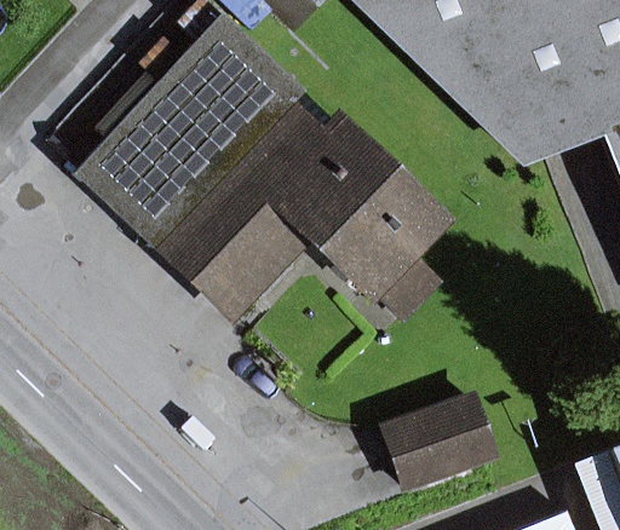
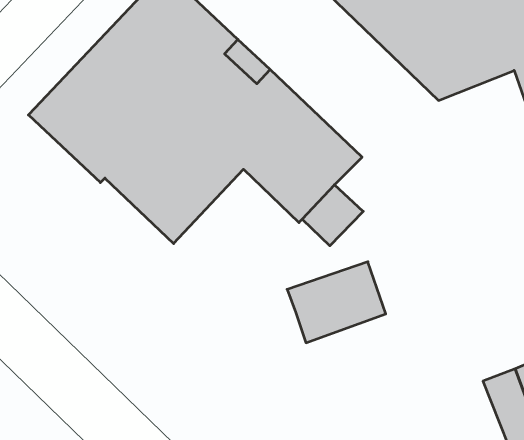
building: [385,399,493,488] -> [287,262,386,343]

